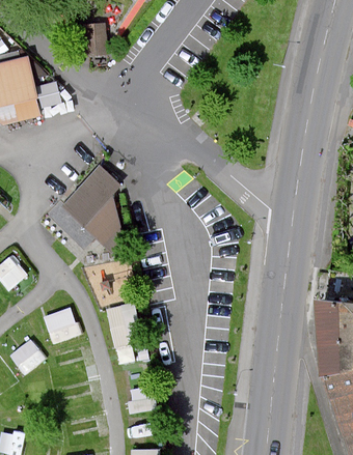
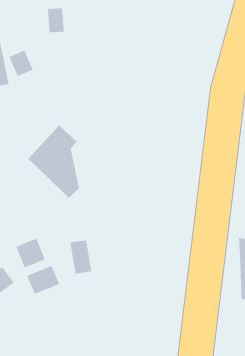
building: none -> [26,265,60,295]

